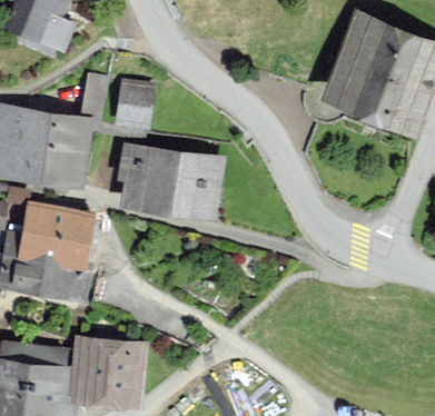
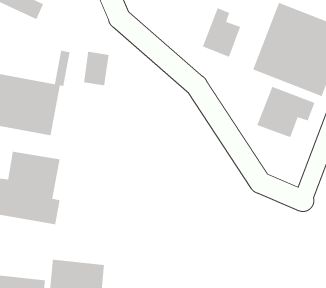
building: none -> [202,7,241,58]
building: none -> [256,86,316,138]
building: [120,141,221,217] -> none

